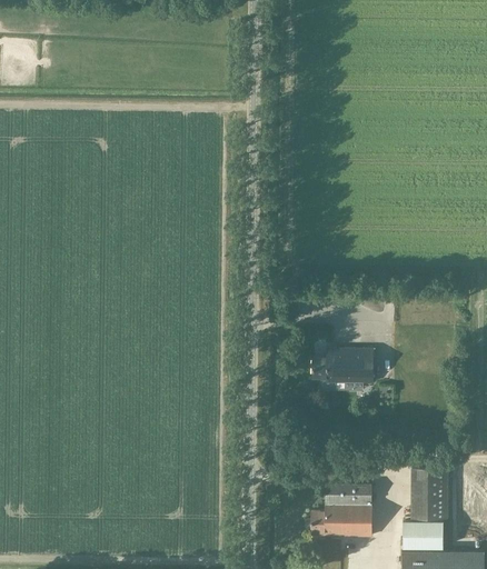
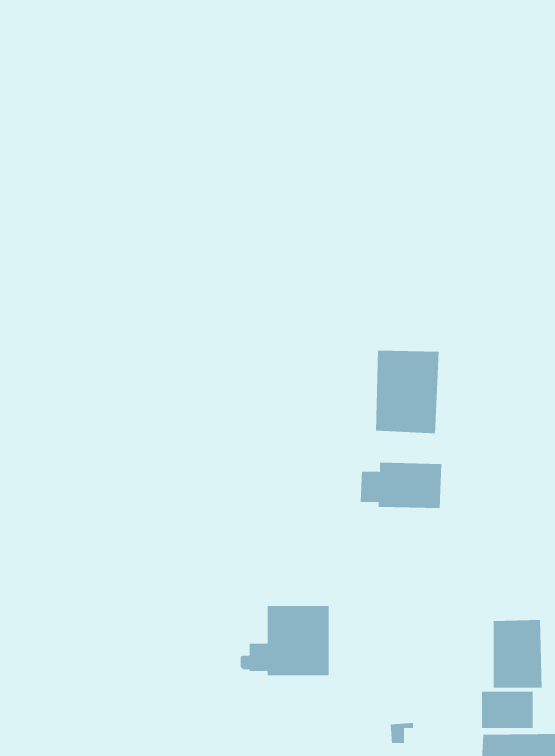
building: none -> [375,350,439,434]
building: [305,483,371,536] -> [240,606,330,676]

